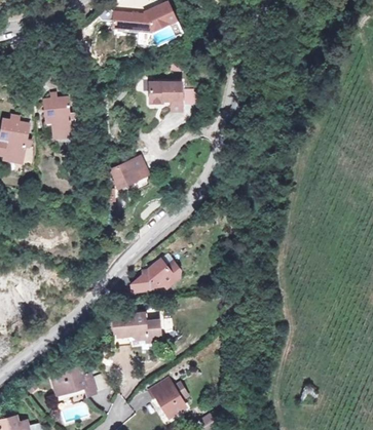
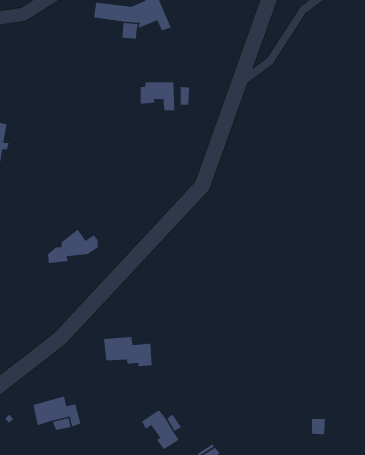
building: [43,90,76,133] -> none
building: [110,157,144,189] -> none
building: [133,260,179,291] -> [47,228,98,264]

